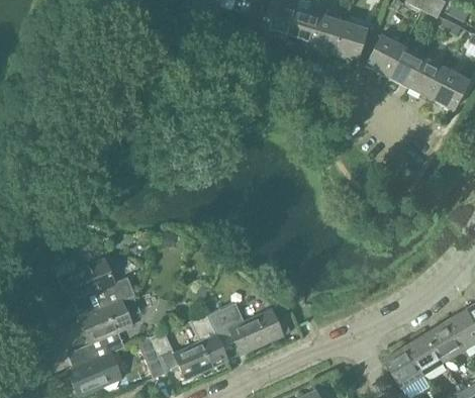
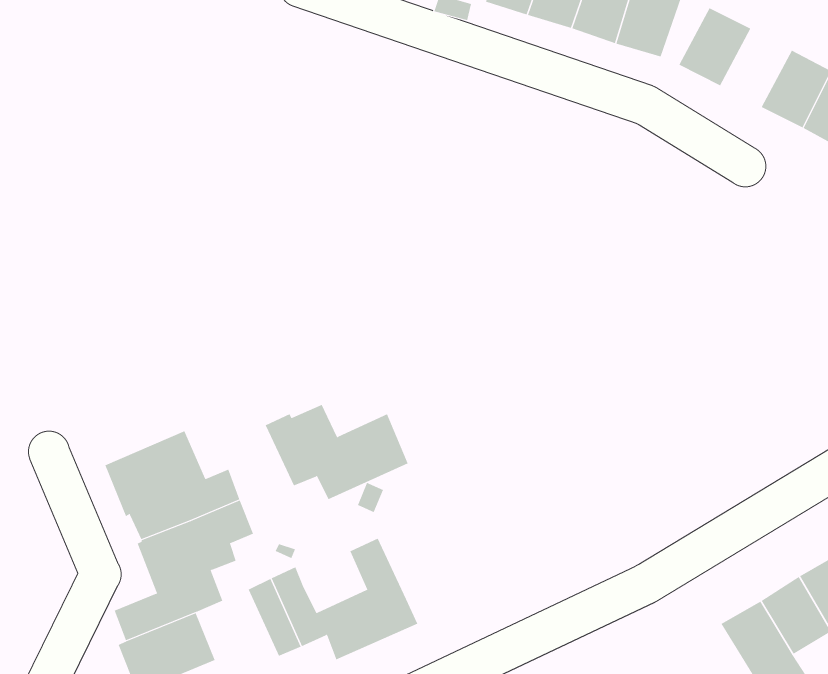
building: [388,45,425,87] -> none
building: [207,303,283,354] -> [265,404,408,500]

